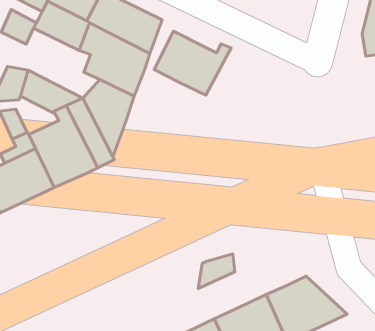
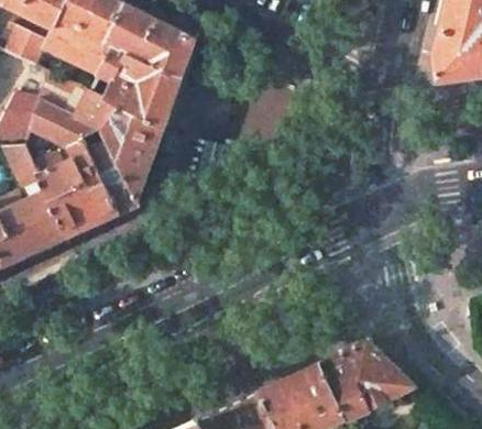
building: [154,31,231,95] -> none
building: none -> [37,72,122,131]
building: [198,254,235,289] -> none

